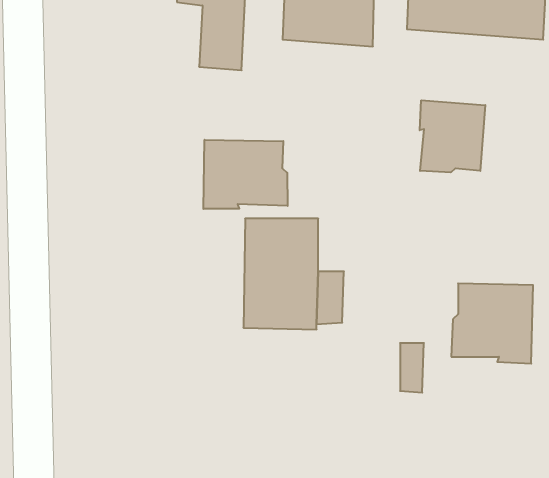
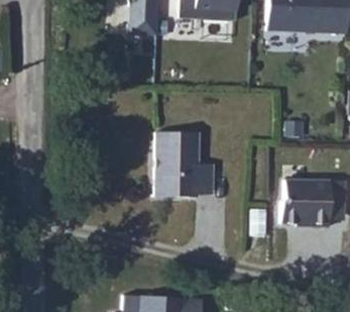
building: [420,100,485,172] -> none
building: [203,140,288,209] -> none

